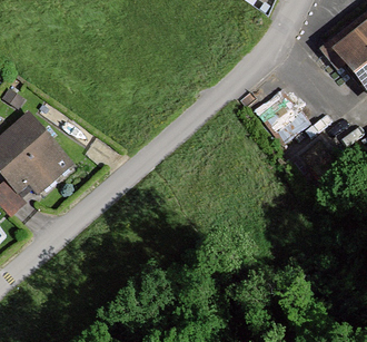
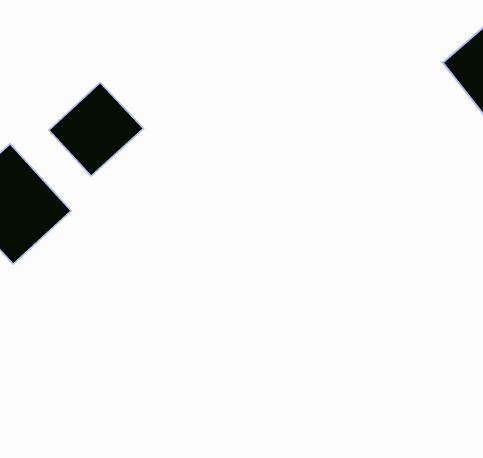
building: none -> [49,83,143,176]

